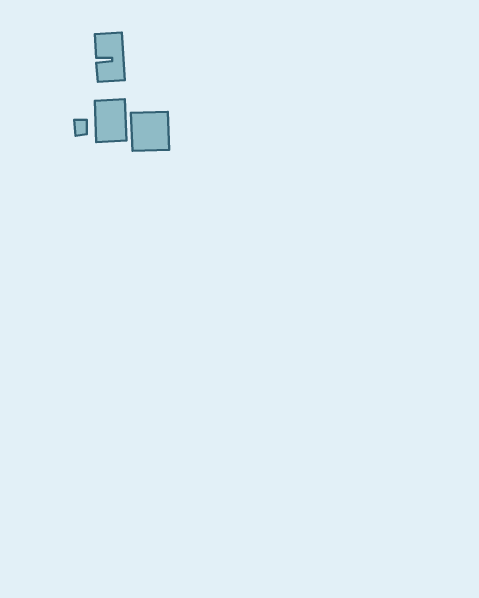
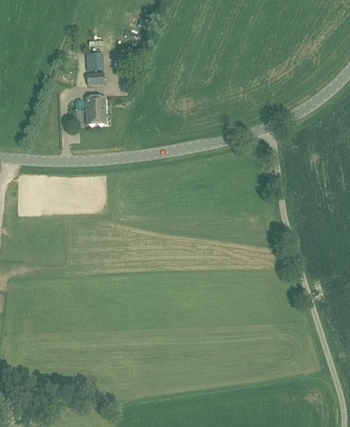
building: [131,112,169,151] -> none

